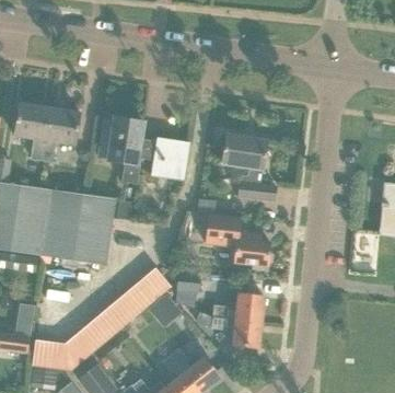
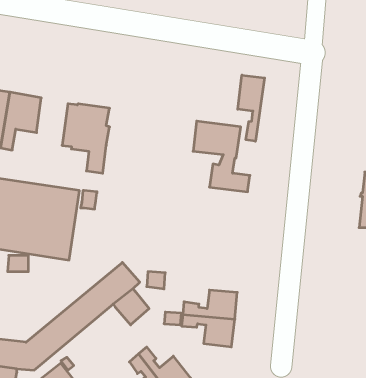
building: none -> [238,75,265,141]
building: [140,137,188,178] -> none
building: [206,213,269,265] -> none

